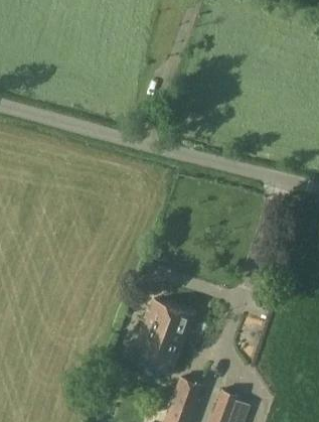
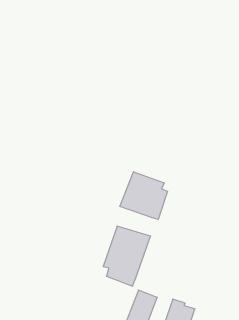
building: none -> [120,172,168,220]

